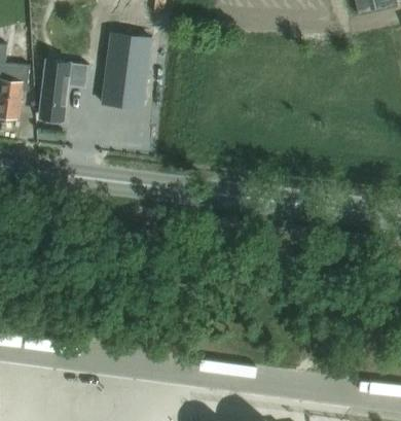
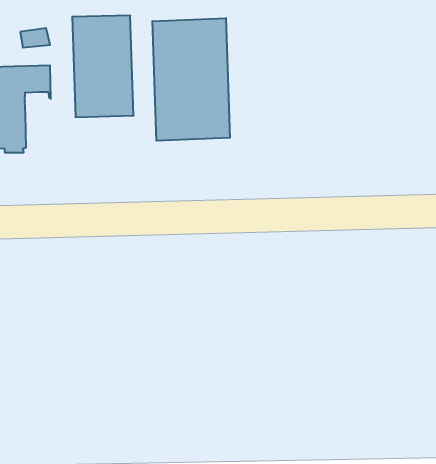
building: none -> [152,18,230,141]

